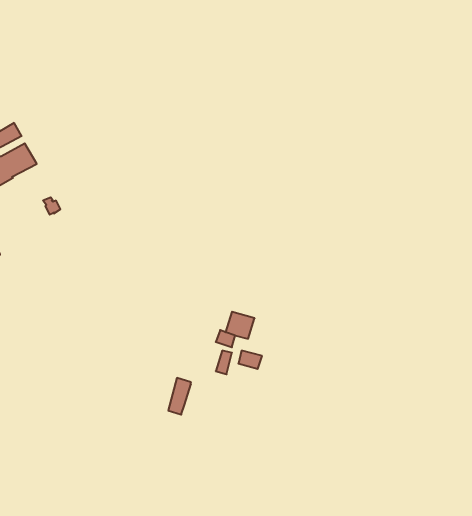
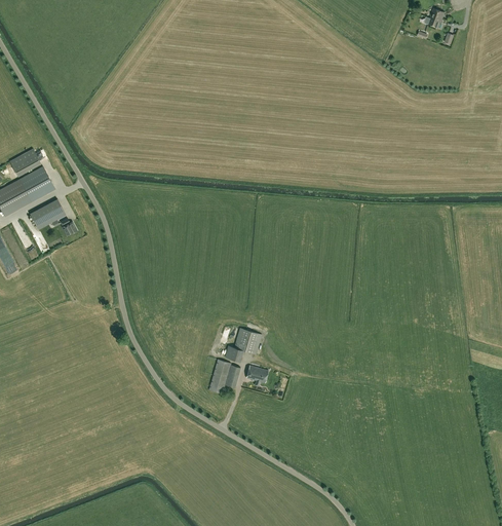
building: none -> [30,199,66,229]
building: [168,378,191,415] -> [209,359,231,393]

